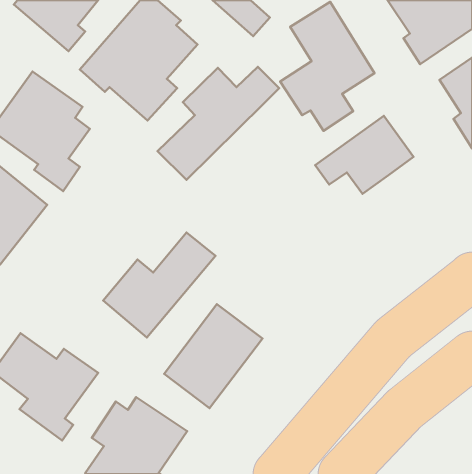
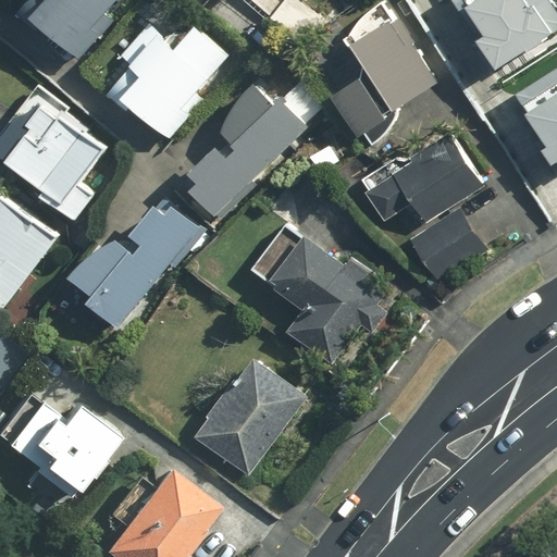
building: none -> [411,206,487,281]
building: none -> [267,235,387,360]
building: [103,233,215,337] -> [70,200,201,323]

